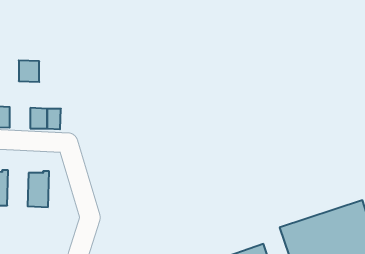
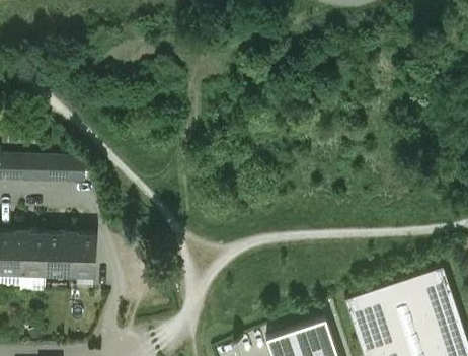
building: [19,60,39,82] -> [24,156,49,182]
building: none -> [21,231,47,274]
building: none -> [70,232,96,275]

